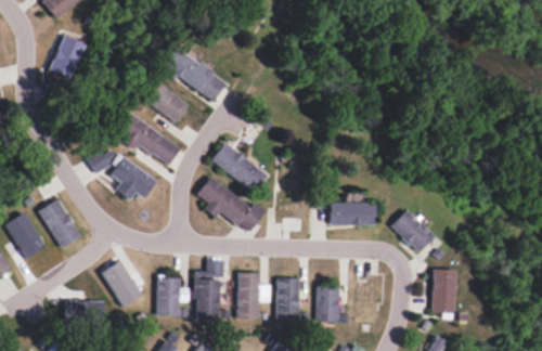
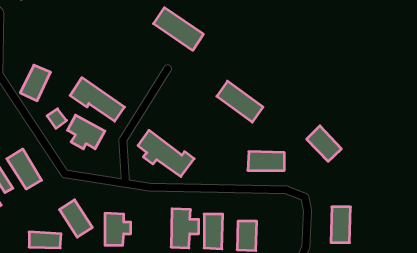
building: [49,36,86,79] -> [20,65,51,101]
building: [166,50,227,102] -> [153,8,203,50]
building: [145,84,189,122] -> none
building: [211,143,268,193] -> [217,81,263,122]
building: [391,209,434,252] -> [307,126,341,161]
building: [194,260,224,321] -> none

